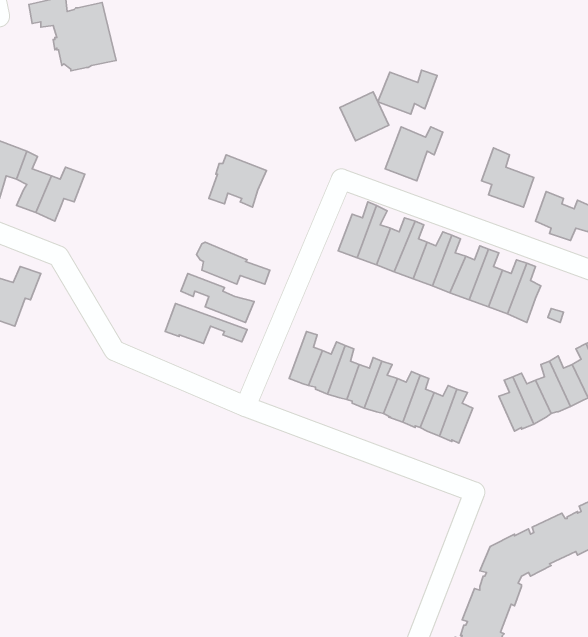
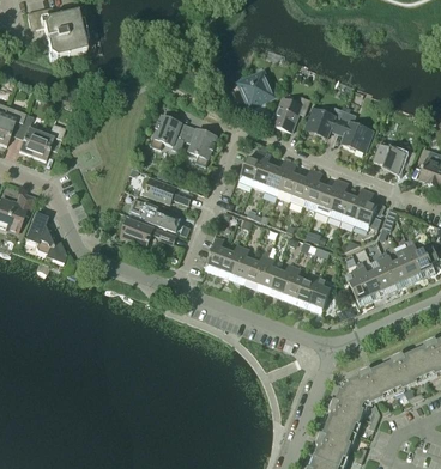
building: [378,70,437,114] -> [304,106,345,136]
building: none -> [183,126,217,165]
building: none -> [24,212,66,262]

